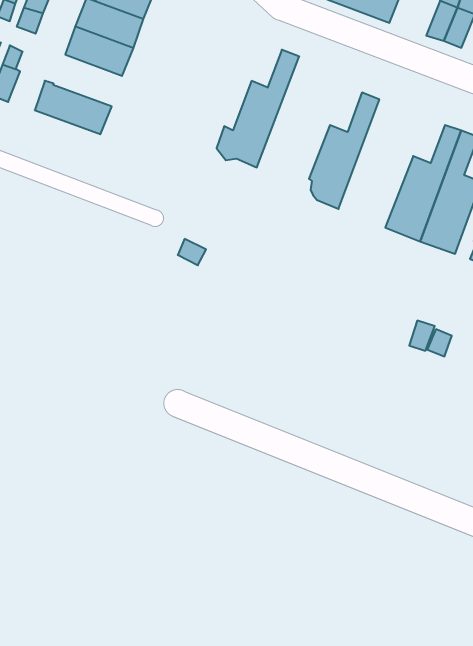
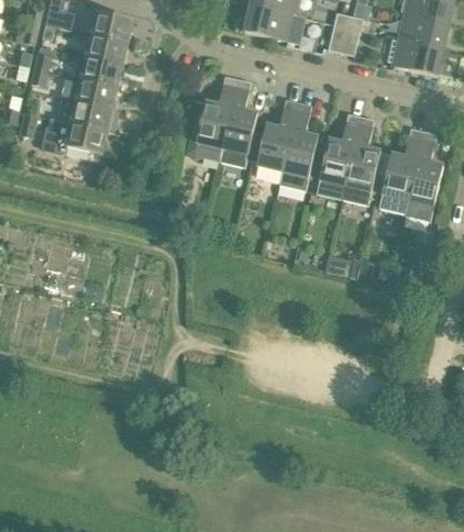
building: none -> [64,99,115,132]
building: none -> [218,78,256,167]
building: none -> [279,101,318,190]

